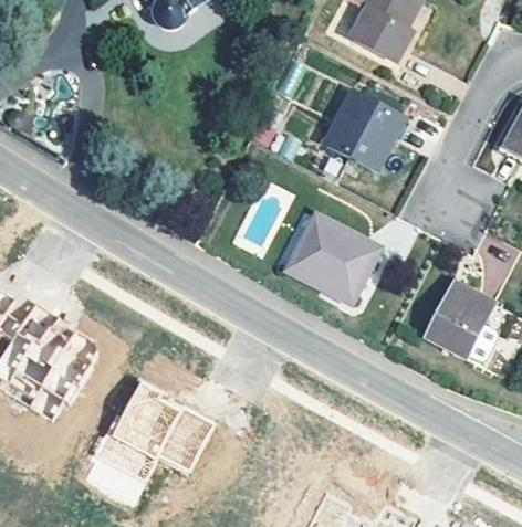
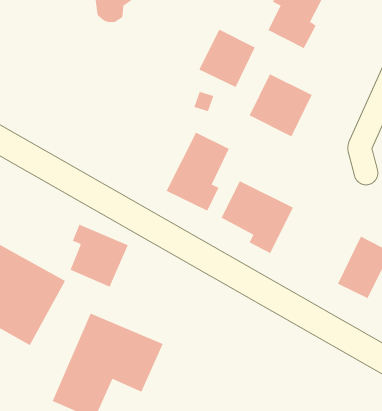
building: none -> [199,29,255,88]
building: none -> [166,132,229,212]
building: none -> [70,224,128,288]

